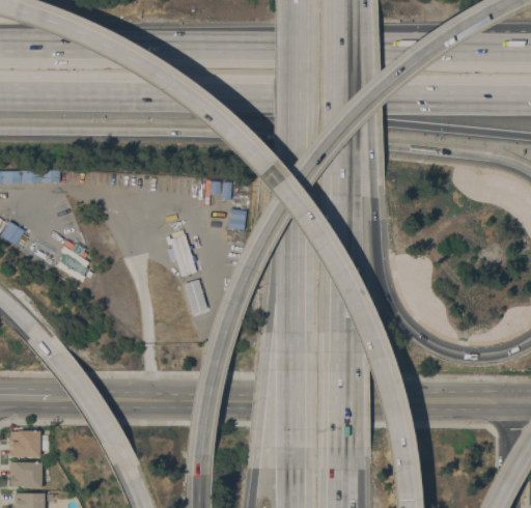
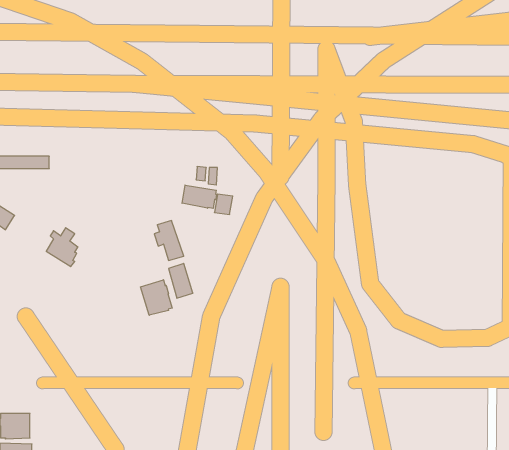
building: none -> [182,185,217,208]
building: none -> [140,280,172,315]

